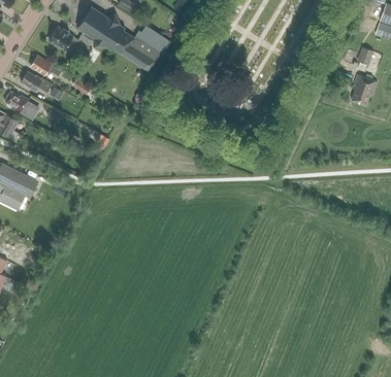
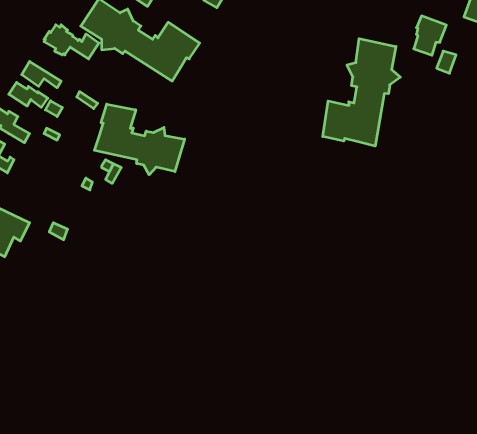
building: none -> [323,39,400,146]
building: [351,73,377,104] -> [414,16,446,55]
building: none -> [94,104,185,175]

